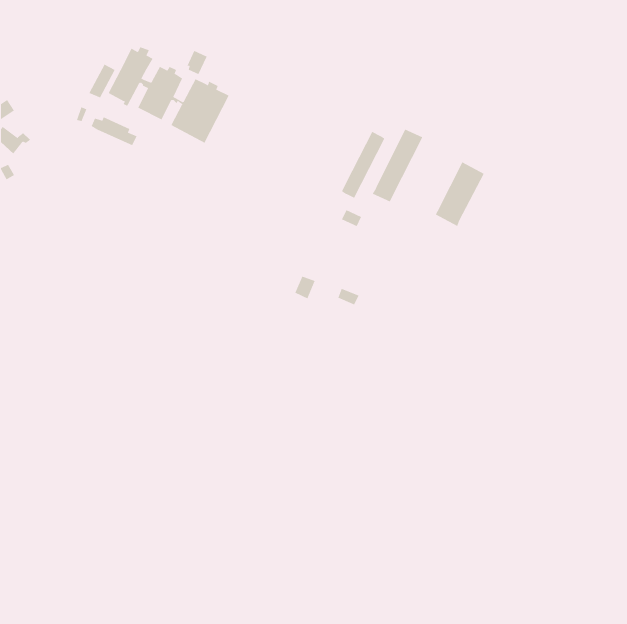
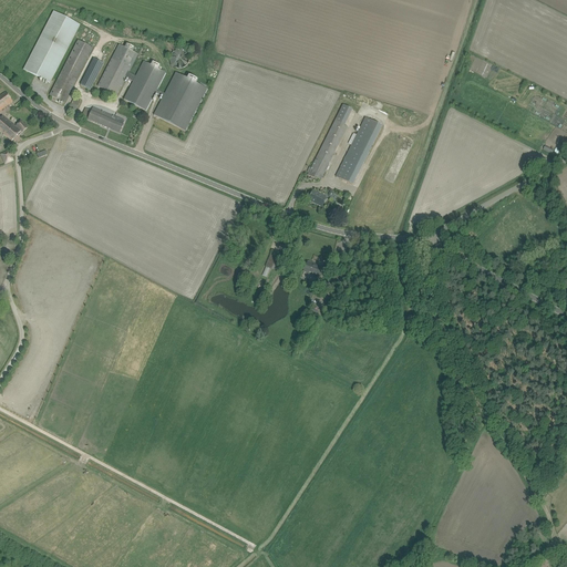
building: none -> [23,9,80,82]
building: none -> [50,39,93,101]
building: [435,161,485,227] -> none

